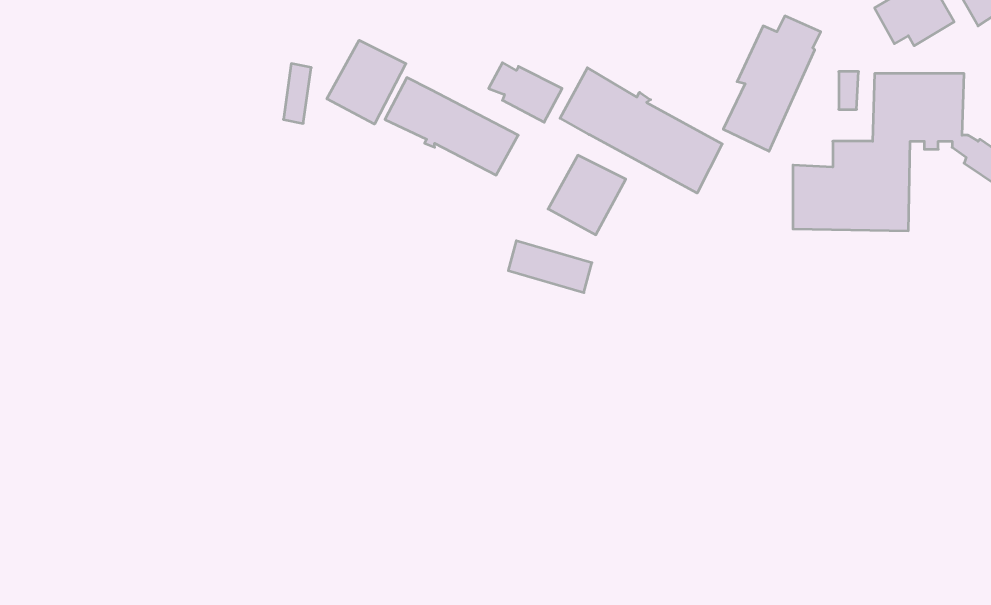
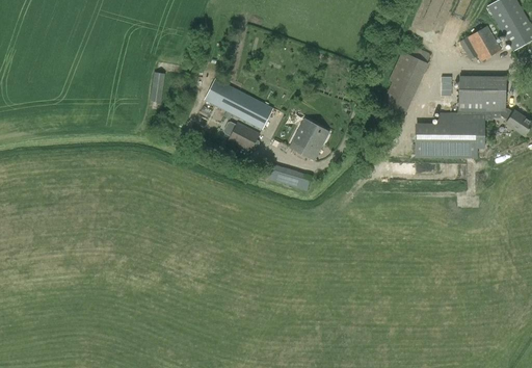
building: [327,40,406,124] -> none
building: [489,63,562,122] -> [221,120,260,151]
building: [560,68,722,193] -> none

